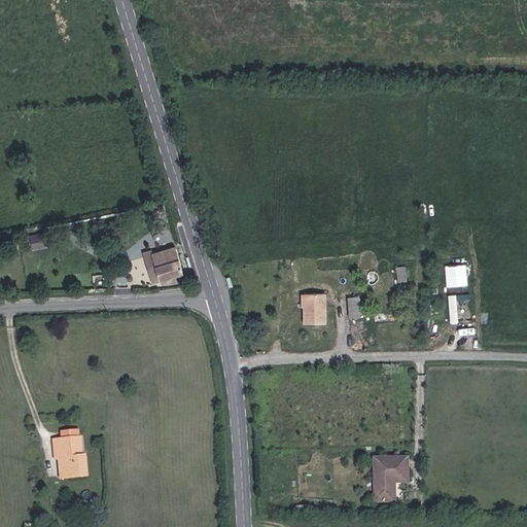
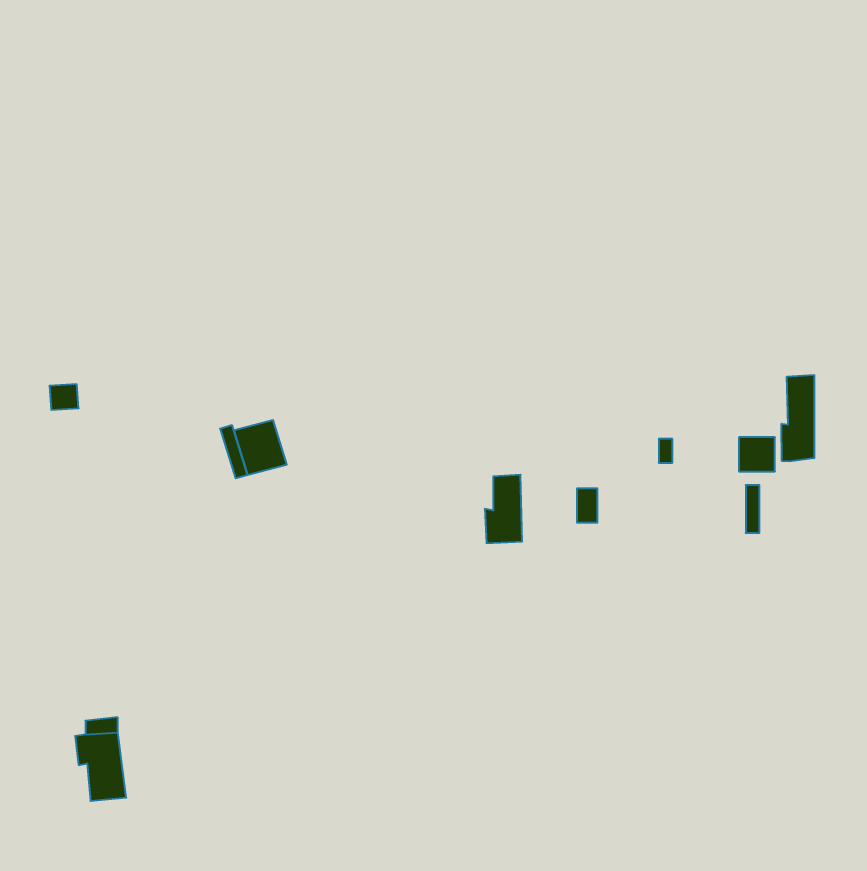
building: none -> [782,375,814,461]
building: [375,453,413,501] -> none

